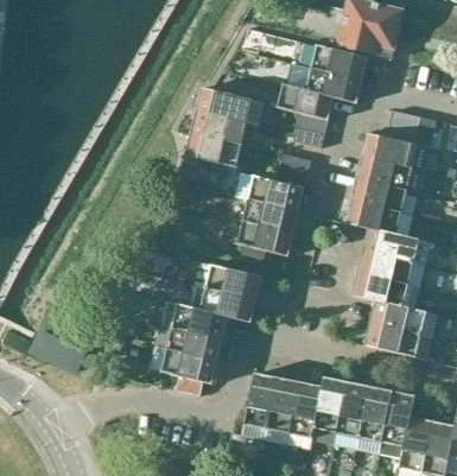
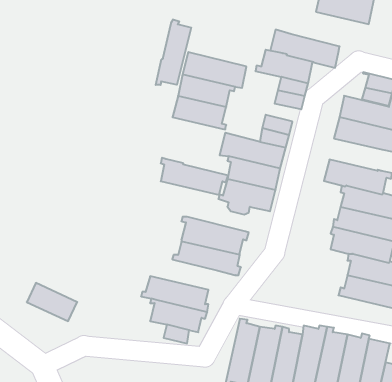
building: [311,44,368,81] -> none
building: none -> [156,19,191,85]
building: [351,178,407,212] -> none
building: [161,299,233,338] -> [161,158,228,195]

